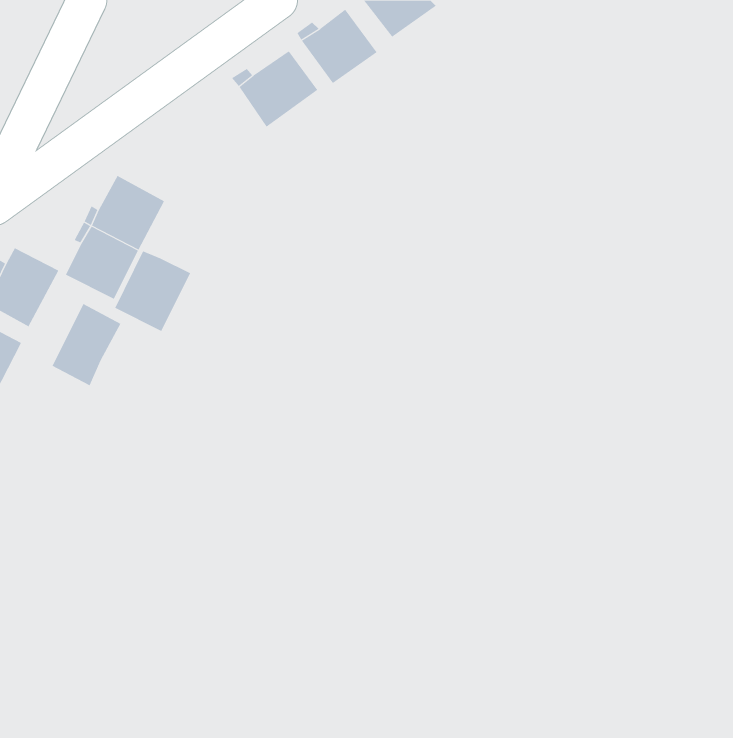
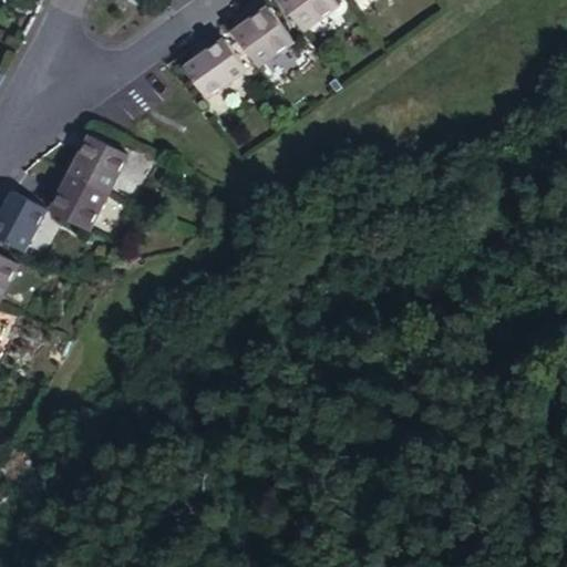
building: [115,251,191,332] -> none
building: [52,303,121,386] -> none

